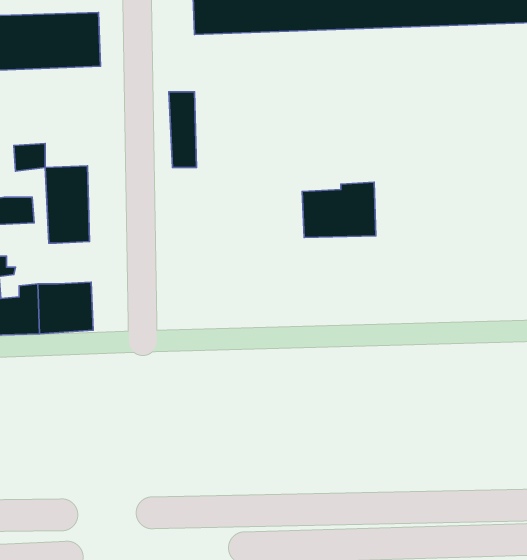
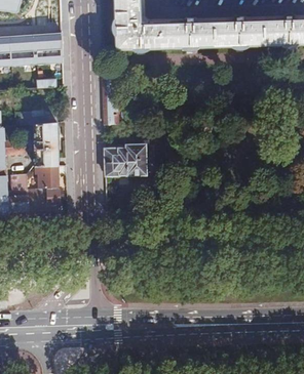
building: [302,182,376,238] -> [104,142,145,173]
building: none -> [38,163,58,186]

